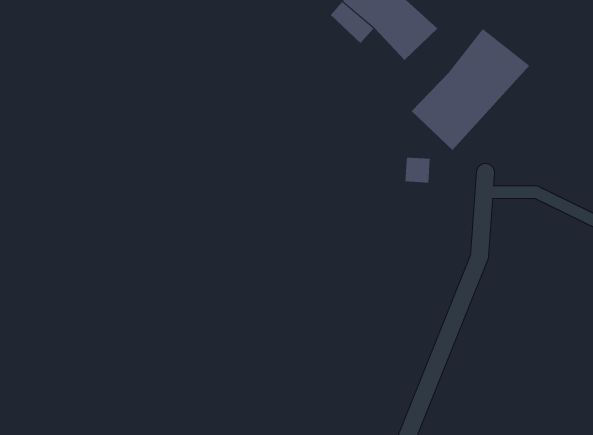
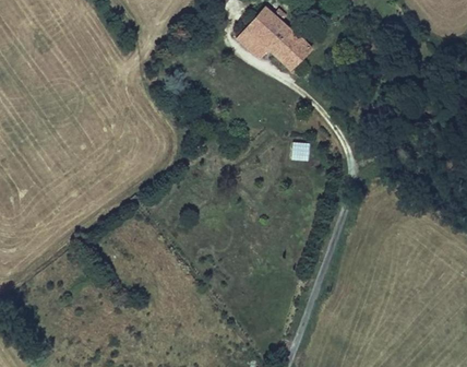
building: [411,28,530,151] -> none

